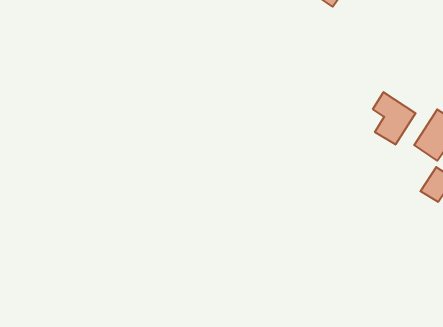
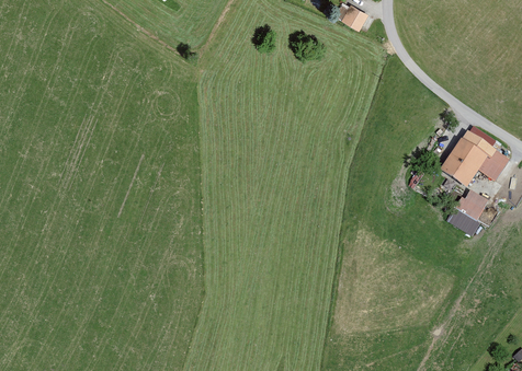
building: [373,92,416,145] -> none

